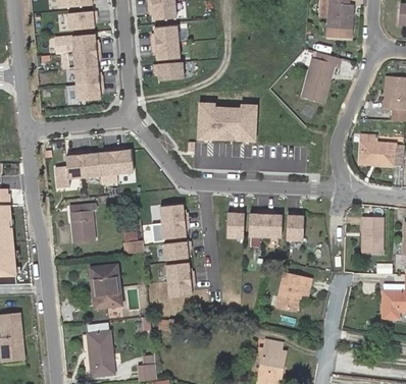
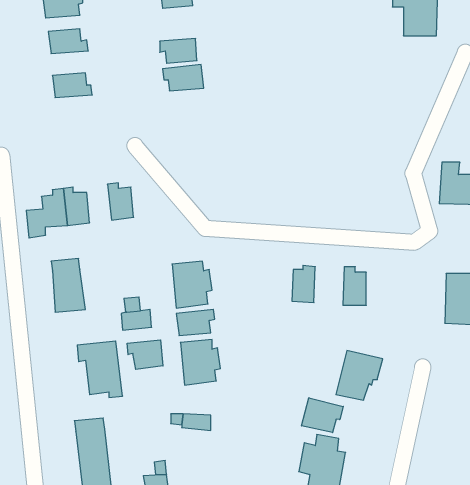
building: [148,24,175,43] -> none
building: [68,50,96,68] -> none
building: [303,53,341,103] -> none
building: [71,83,99,102] -> none
building: [195,102,256,141] -> none
building: [95,149,113,177] -> none
building: [224,209,243,236] -> none
building: [263,210,281,236] -> none
building: none -> [127,340,163,369]
building: none -> [302,398,343,433]

